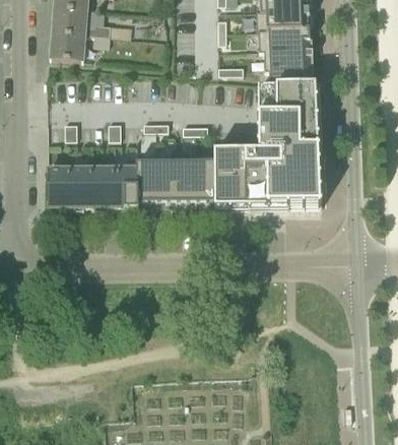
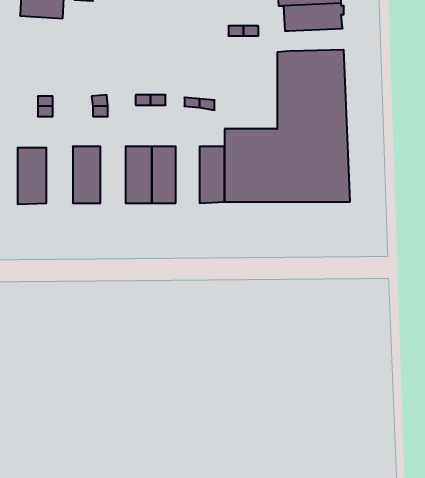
building: [267,64,313,82] -> none
building: [71,160,92,205] -> none
building: [115,160,135,205] -> none
building: [176,160,195,205] -> none

